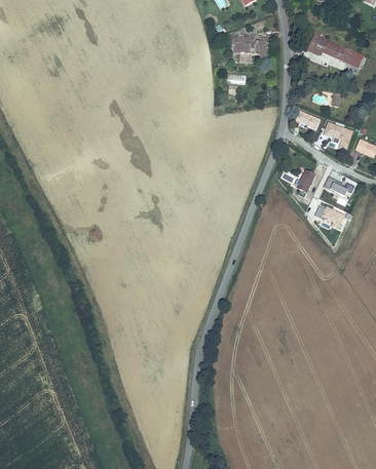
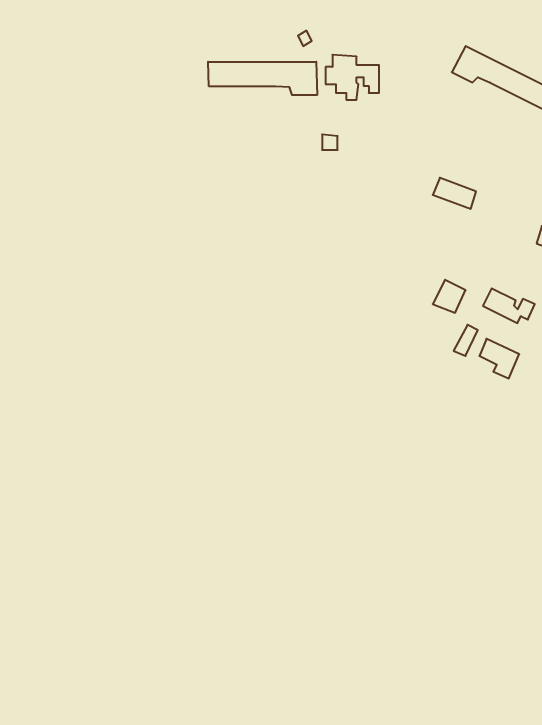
building: none -> [208,62,317,95]
building: [324,121,354,152] -> none

